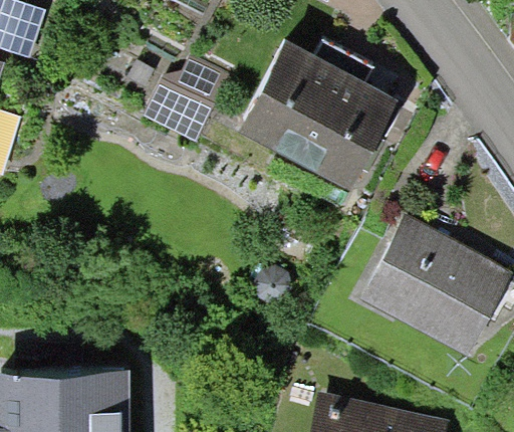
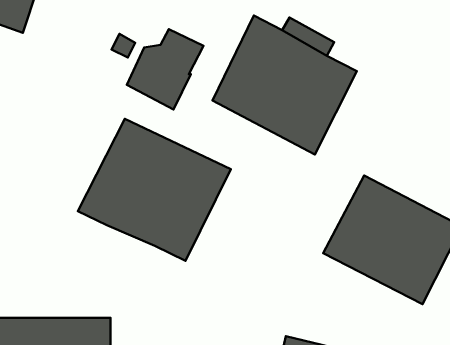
building: none -> [78,119,231,261]

